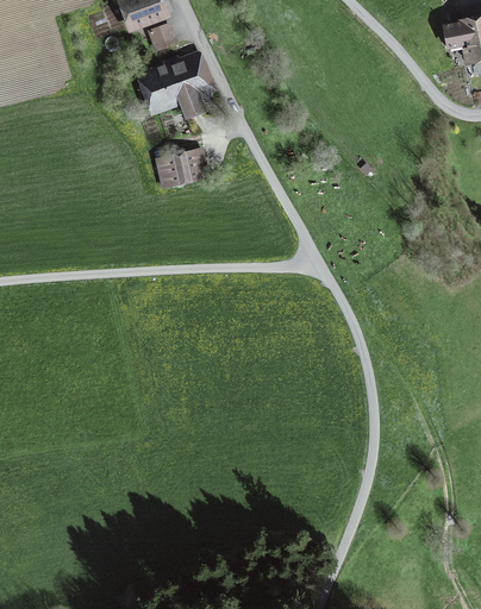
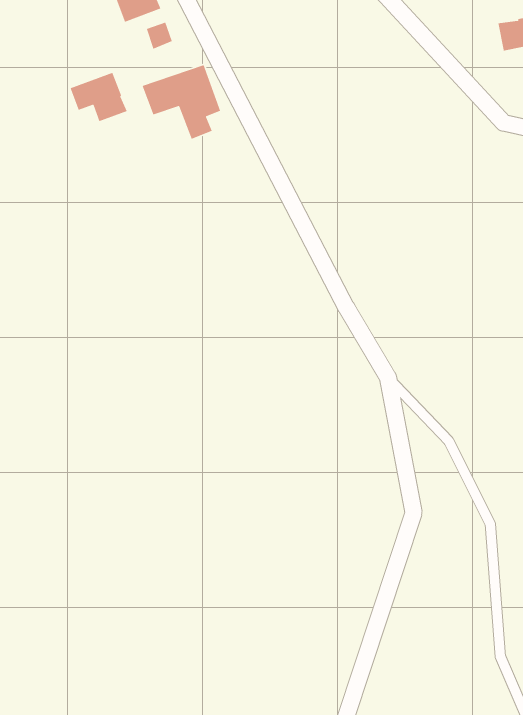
building: none -> [70,72,128,122]
building: [155,146,206,184] -> none

